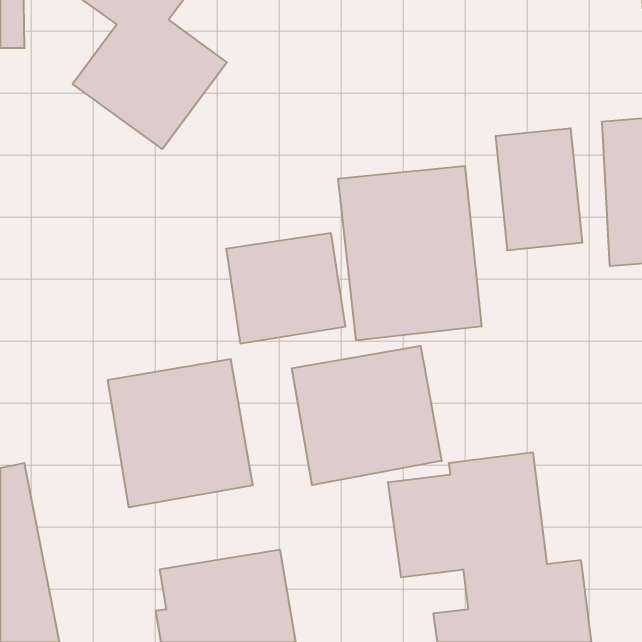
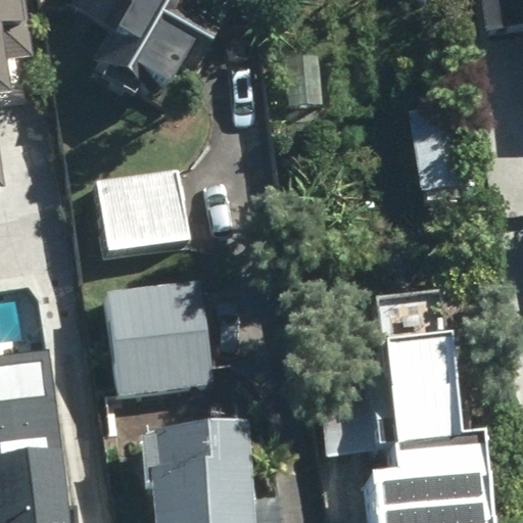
building: [338,166,481,340] -> none
building: [226,233,345,343] -> [92,170,186,256]
building: [292,346,442,485] -> none

